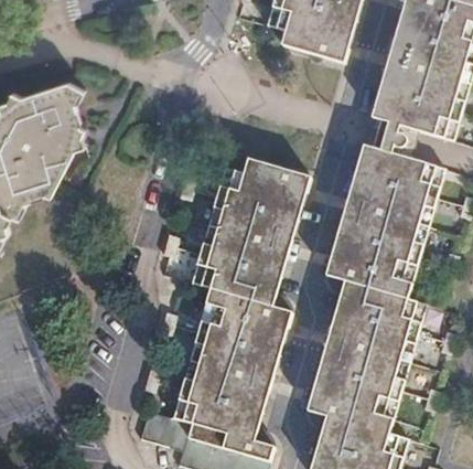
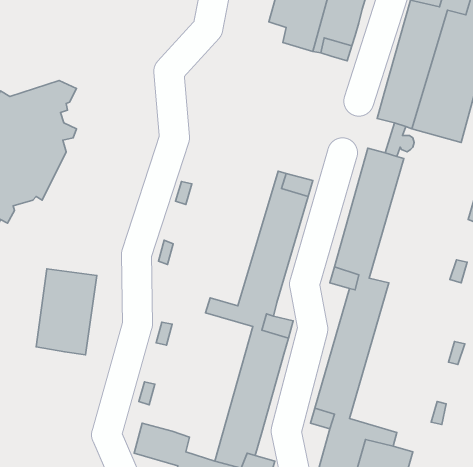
building: [345,154,443,417] -> none
building: [193,158,277,296] -> none
building: none -> [36,269,97,355]
building: [175,302,252,445] -> none

